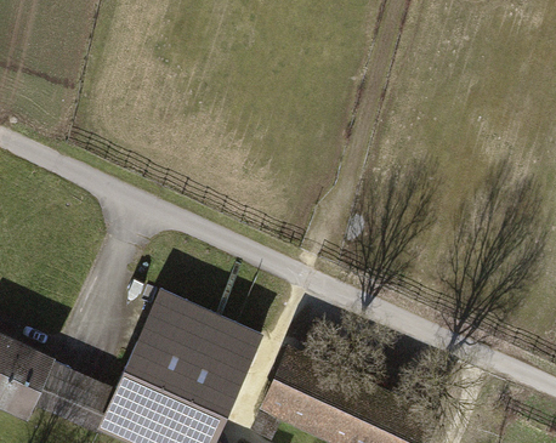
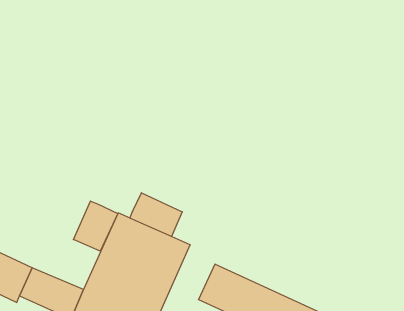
building: none -> [130,193,182,237]
building: none -> [73,201,118,251]

